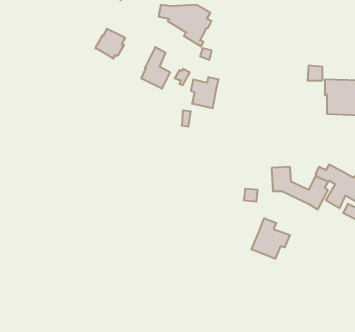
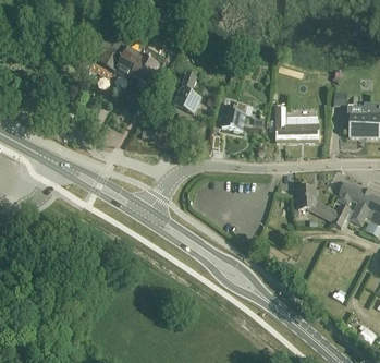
building: [159,5,212,46] -> [90,40,140,80]
building: none -> [274,107,317,142]
building: [251,218,290,259] -> none

